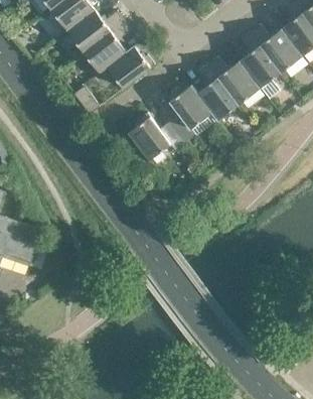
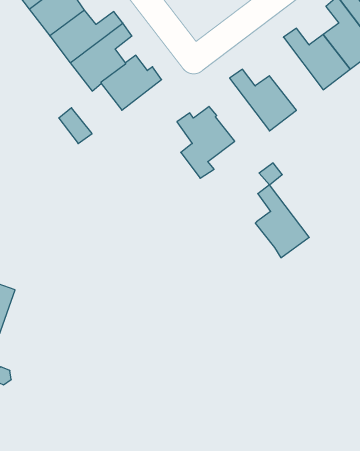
building: [238,31,280,89] -> none
building: [195,63,238,121] -> [255,185,309,258]
building: [127,113,183,161] -> none

